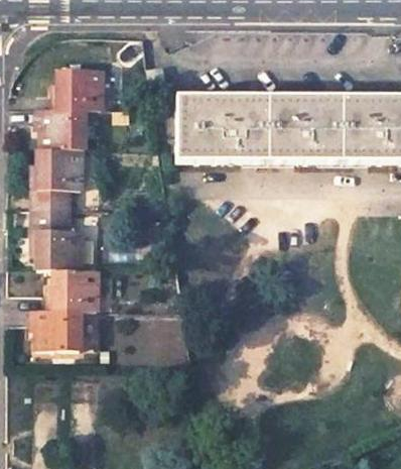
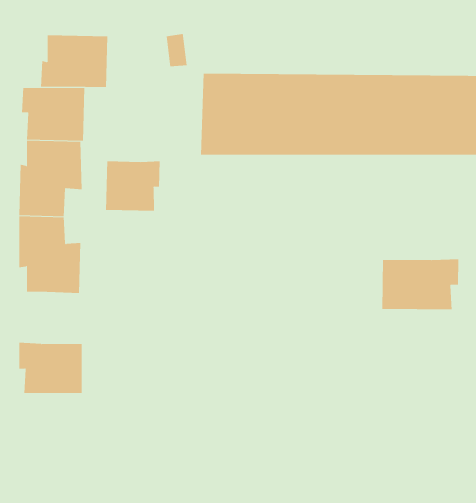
building: none -> [106,161,160,212]
building: none -> [382,258,459,310]
building: [51,266,100,307] -> none

